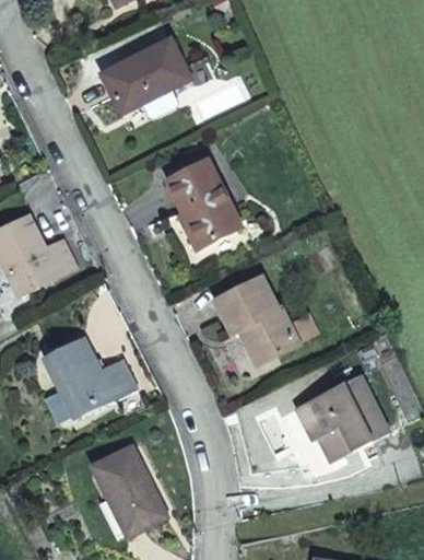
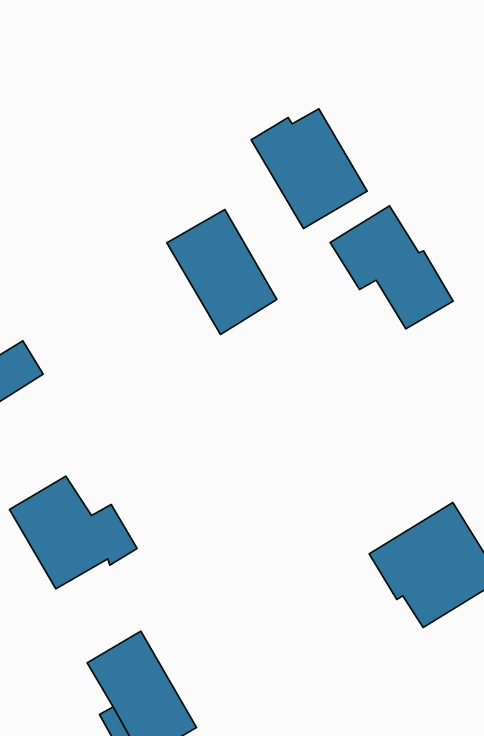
building: [103,39,189,113] -> none
building: none -> [251,109,367,229]
building: [213,278,294,363] -> [330,206,453,329]

